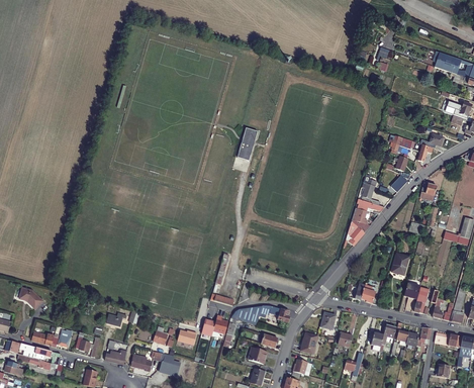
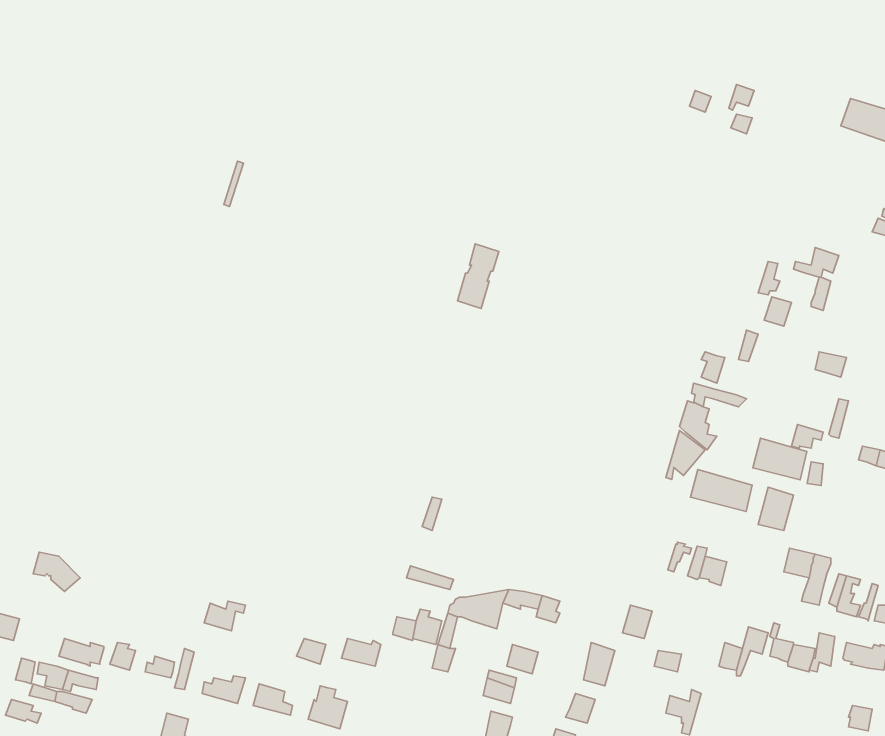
building: none -> [753,438,807,480]
building: none -> [690,469,752,511]

